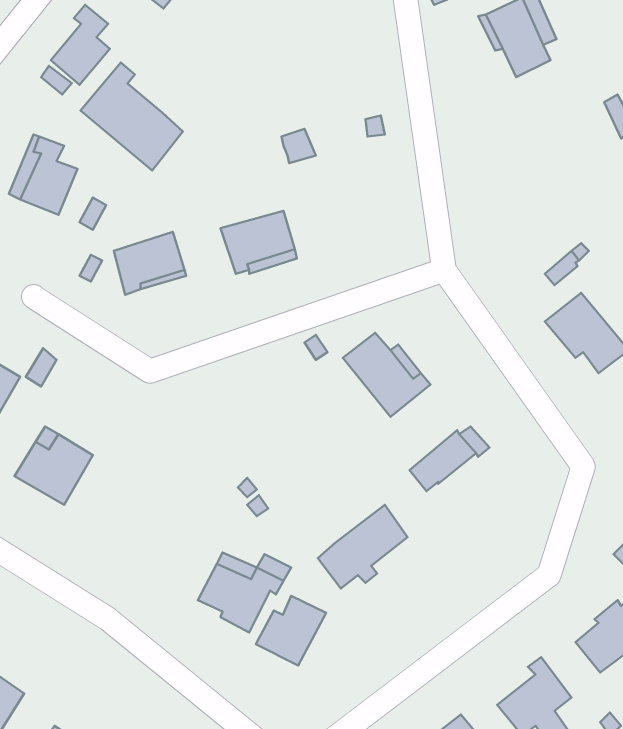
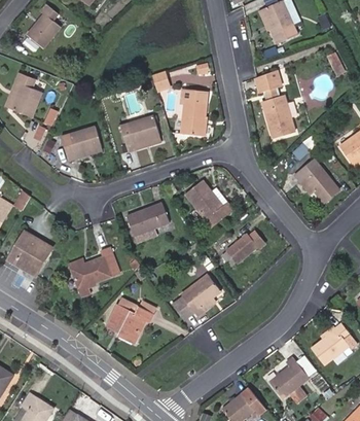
building: [81,63,183,170] -> none
building: none -> [254,70,294,138]
building: none -> [180,91,207,136]
building: none -> [127,202,170,235]
building: none -> [70,247,119,296]
building: [256,596,326,666] -> none

